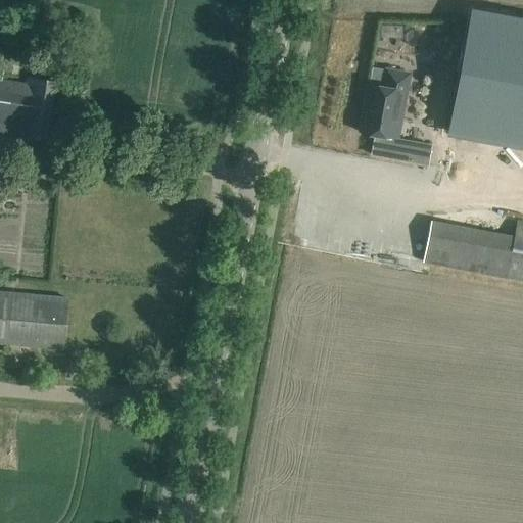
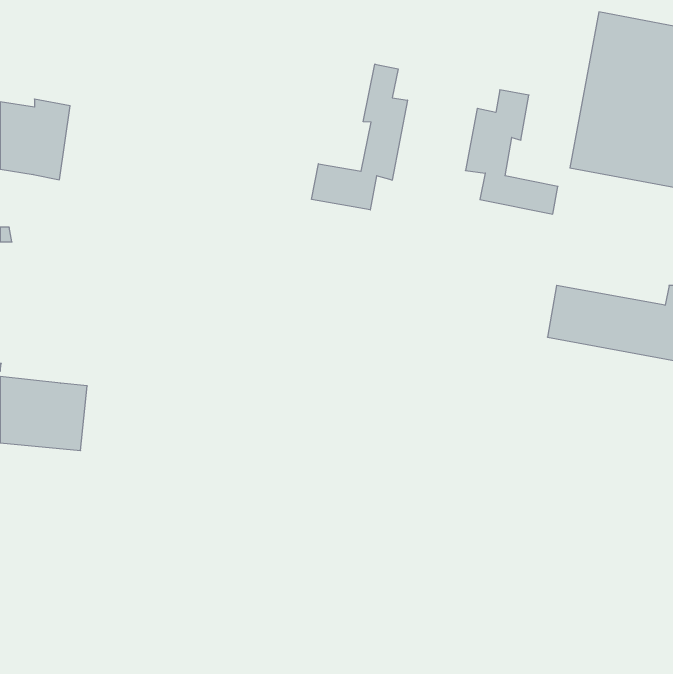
building: none -> [312,64,407,210]

